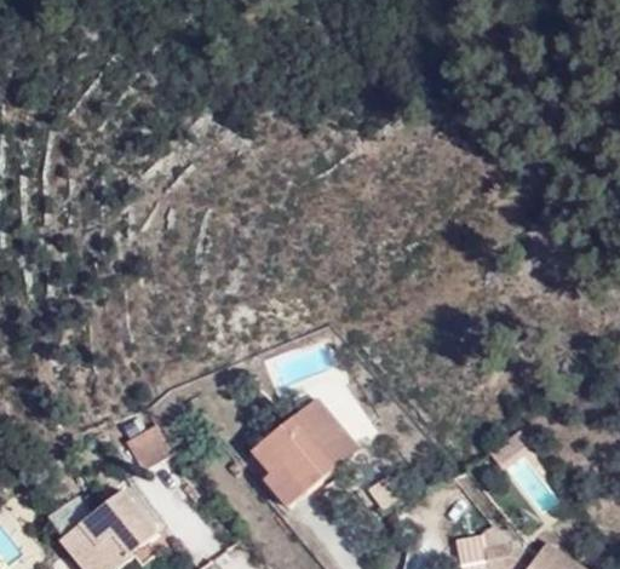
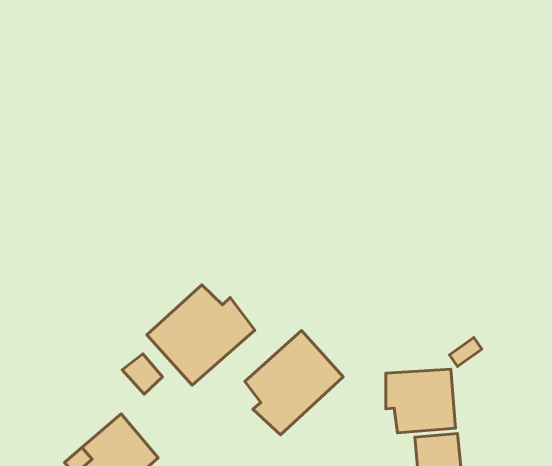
building: none -> [147,285,255,385]
building: none -> [386,369,456,433]

